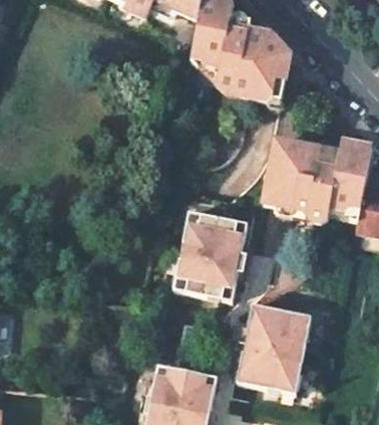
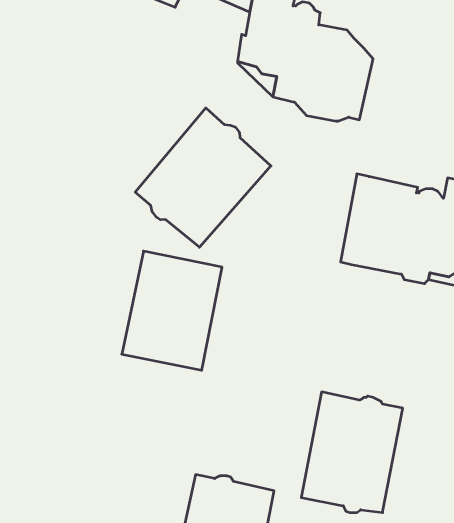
building: none -> [135,108,271,247]
building: [173,211,248,299] -> [122,251,222,370]

